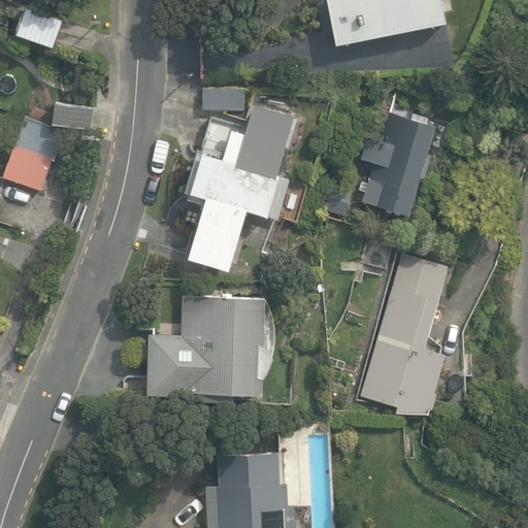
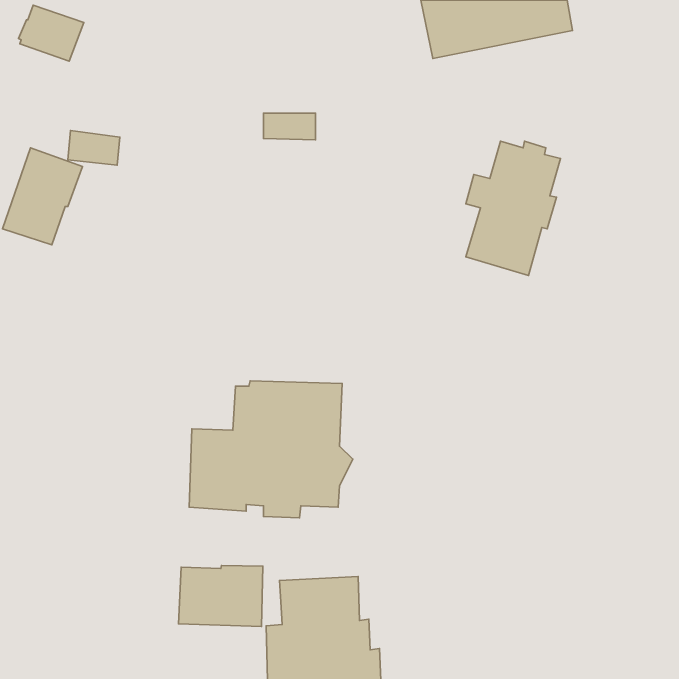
building: [186,103,294,272] -> none
building: [359,252,456,416] -> none
building: none -> [178,566,263,627]

